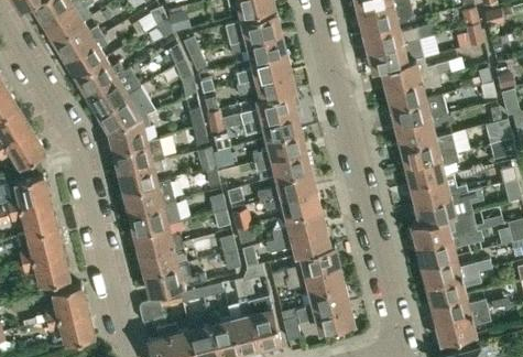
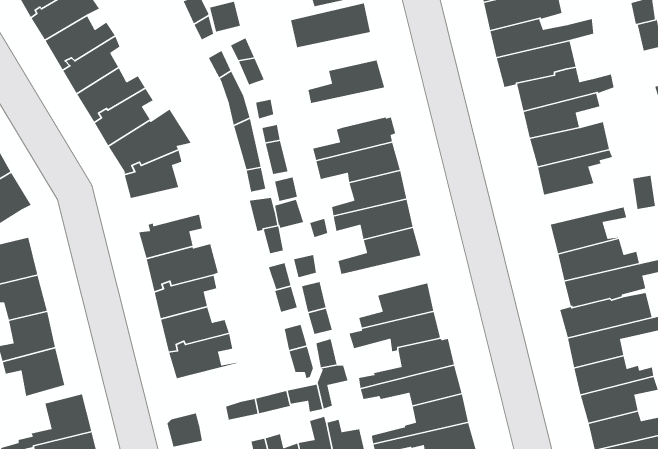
building: [229,34,285,61] -> none
building: [236,73,295,100] -> none
building: [401,136,457,167] -> none
building: [113,140,164,173] -> none
building: [260,190,320,217] -> none
building: [145,264,207,296] -> none

